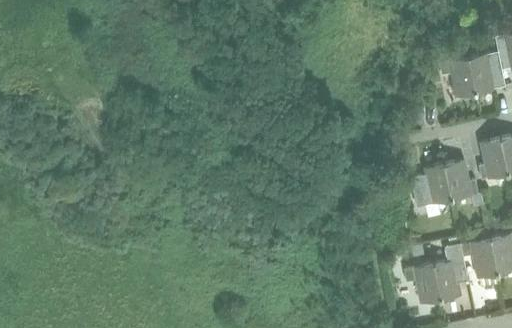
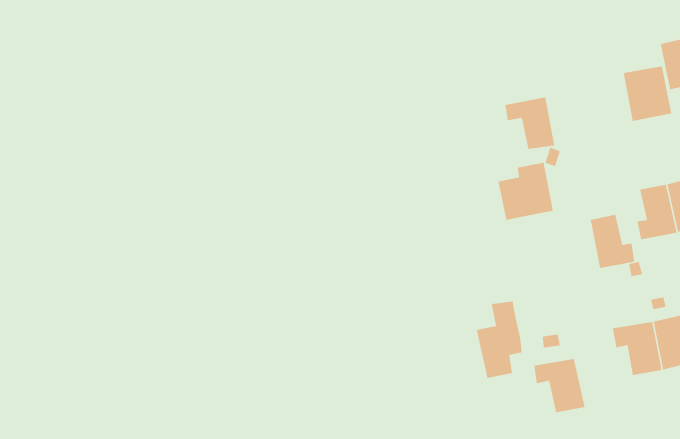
building: [439,57,476,96] -> [505,96,555,150]
building: [411,164,452,207] -> [497,162,554,221]
building: [434,243,468,301] -> [476,299,522,379]

